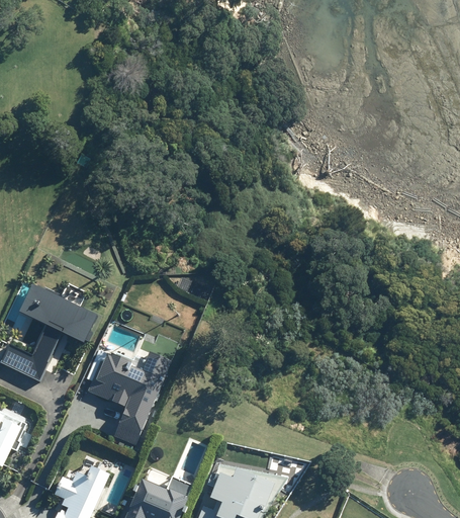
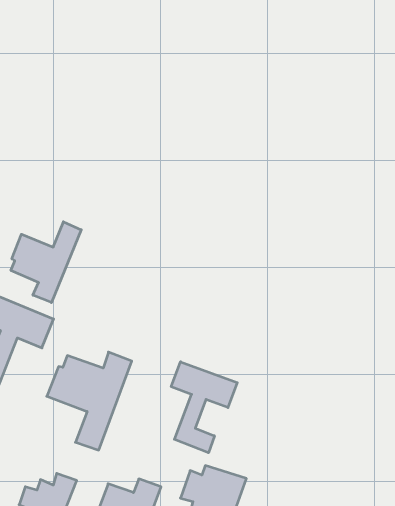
building: none -> [11,222,81,303]
building: none -> [171,362,237,453]

